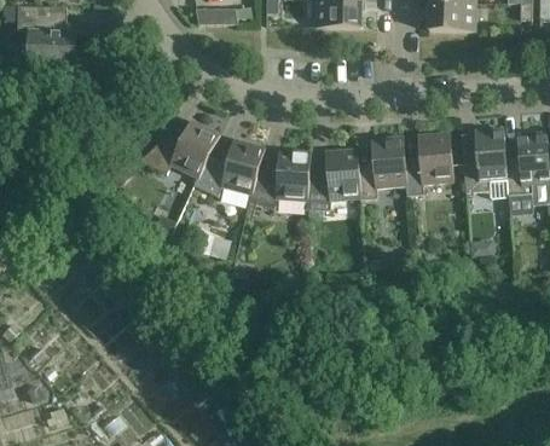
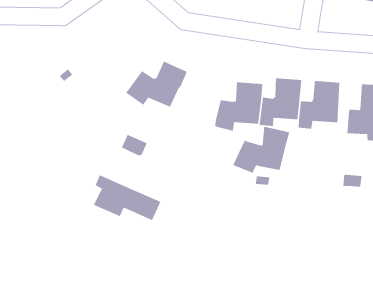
building: [140,118,220,176] -> none
building: [249,149,312,208] -> [232,125,290,174]
building: none -> [93,174,162,221]

